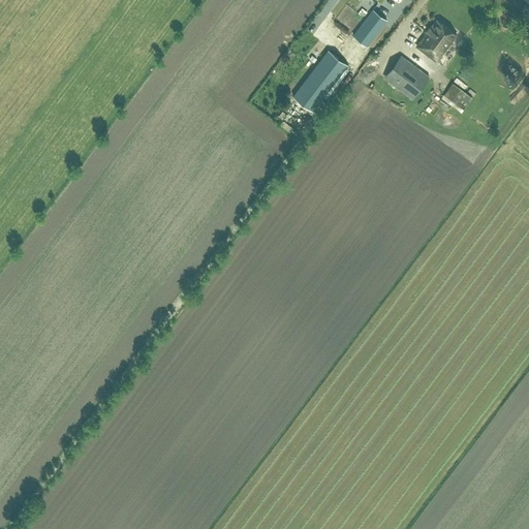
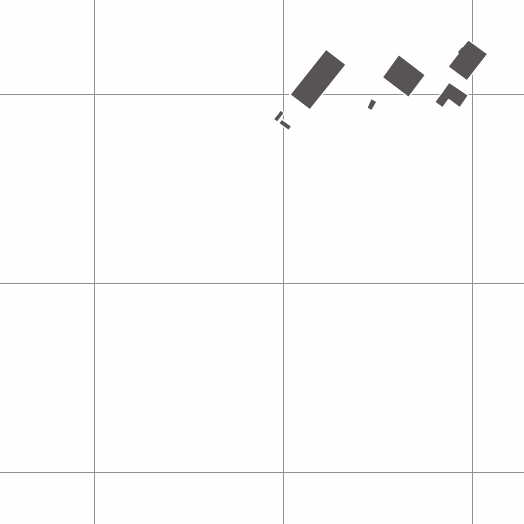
building: [353,10,387,46] -> none
building: [417,21,458,62] -> [448,40,488,81]

